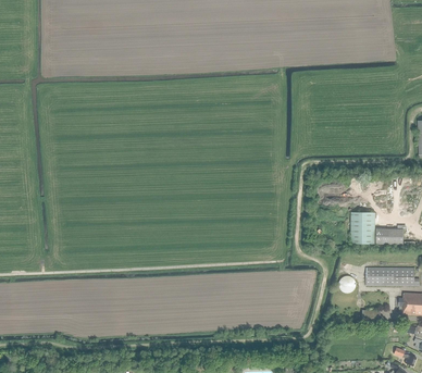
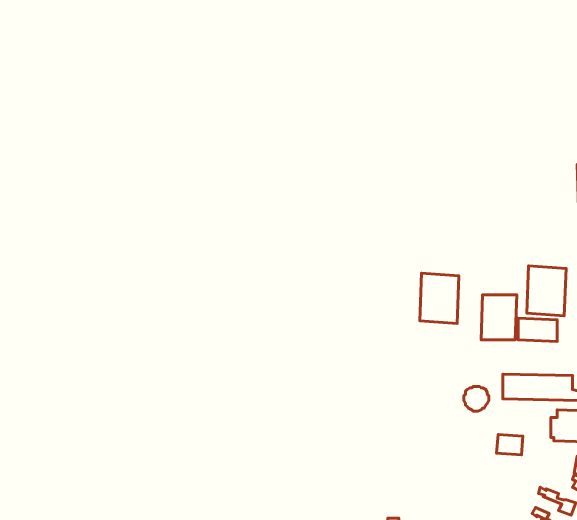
building: none -> [527,266,566,316]
building: none -> [420,273,459,323]

